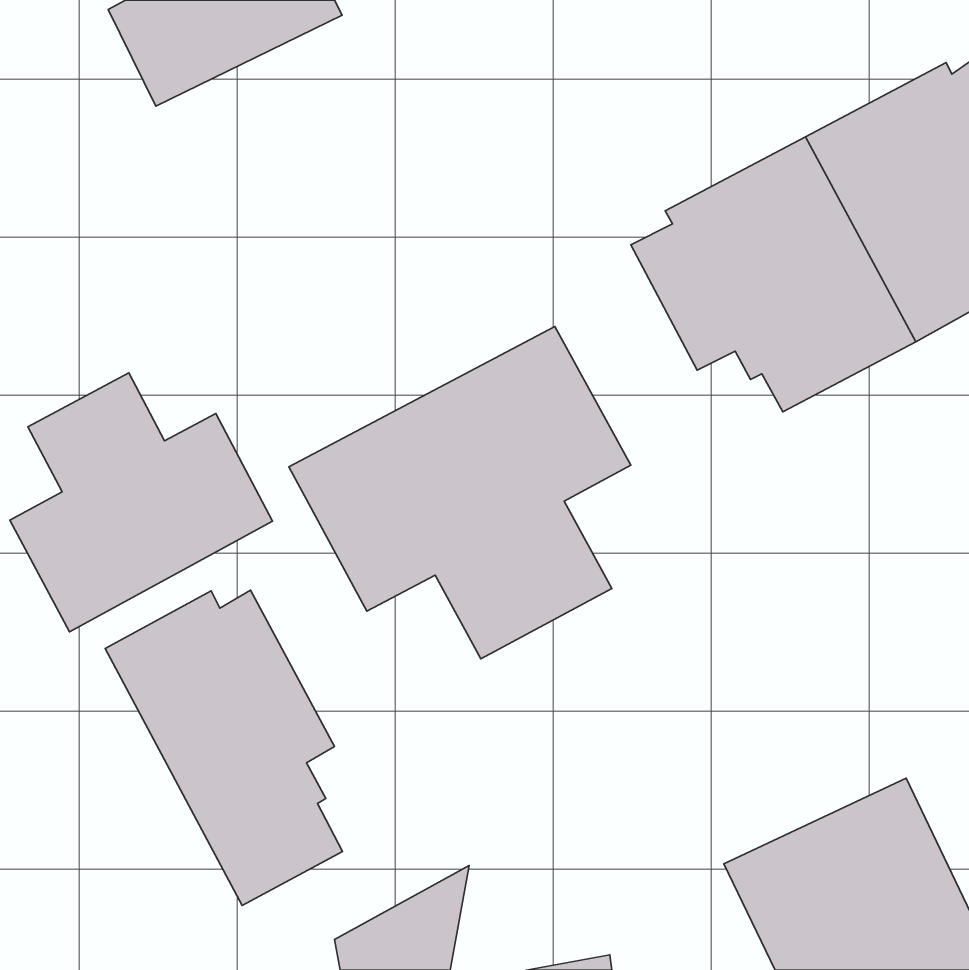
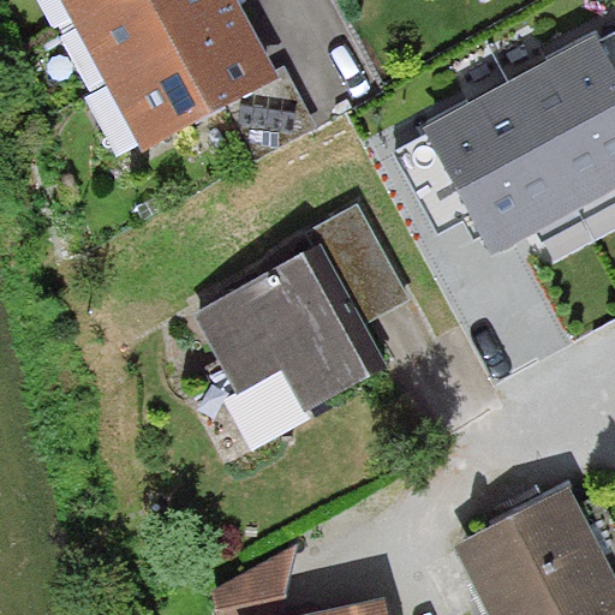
building: none -> [100,10,252,136]
building: [10,373,273,632] -> none
building: [105,590,343,906] -> none

